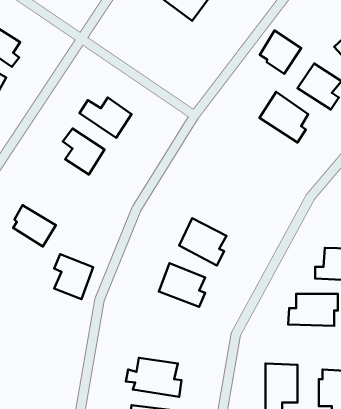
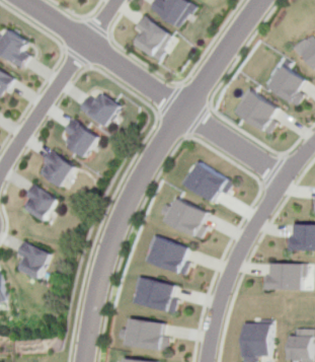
building: none -> [133,16,171,60]
building: [260,31,301,74] -> none
building: none -> [42,150,78,190]
building: none -> [183,160,230,202]
building: [54,254,93,299] -> [19,243,53,282]
building: none -> [136,277,176,312]

